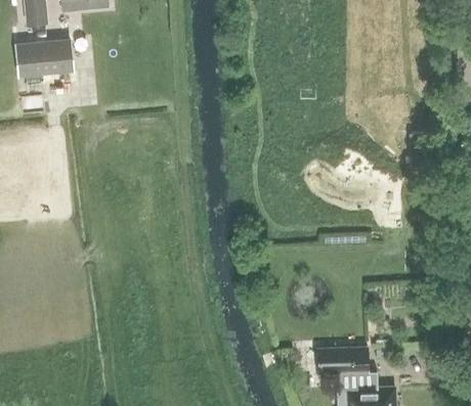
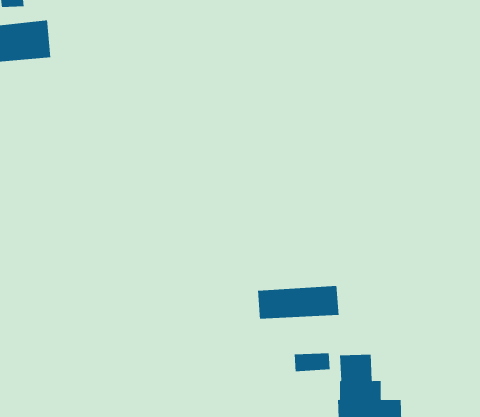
building: none -> [258,285,339,320]

